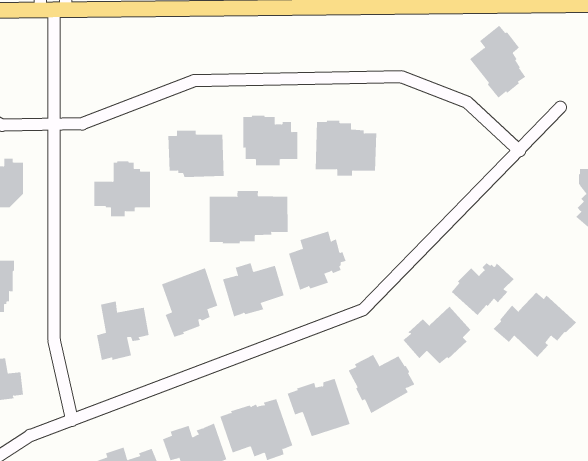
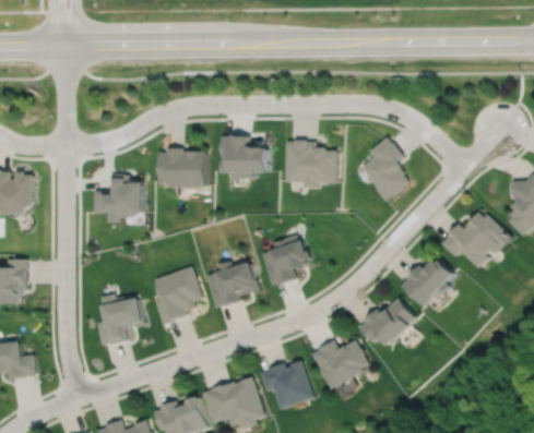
building: [469,25,526,98] -> [360,136,410,200]
building: [209,190,288,244] -> none
building: [493,292,577,358] -> [440,212,512,268]

